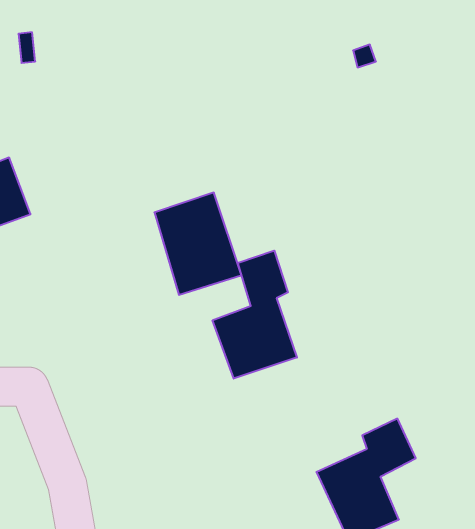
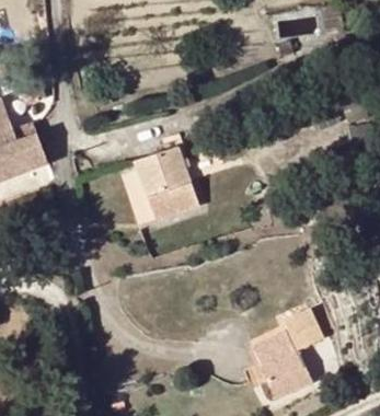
building: [213,251,297,379] -> none

